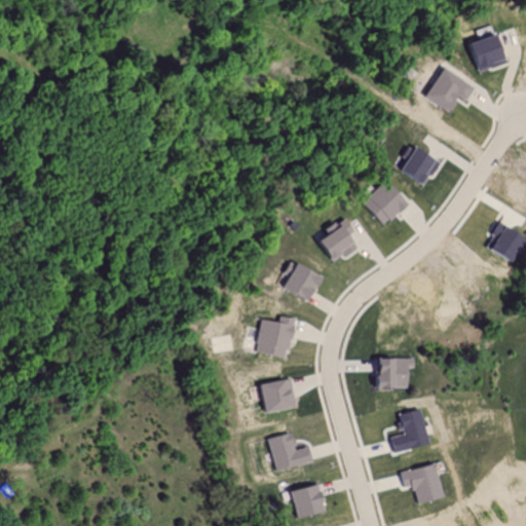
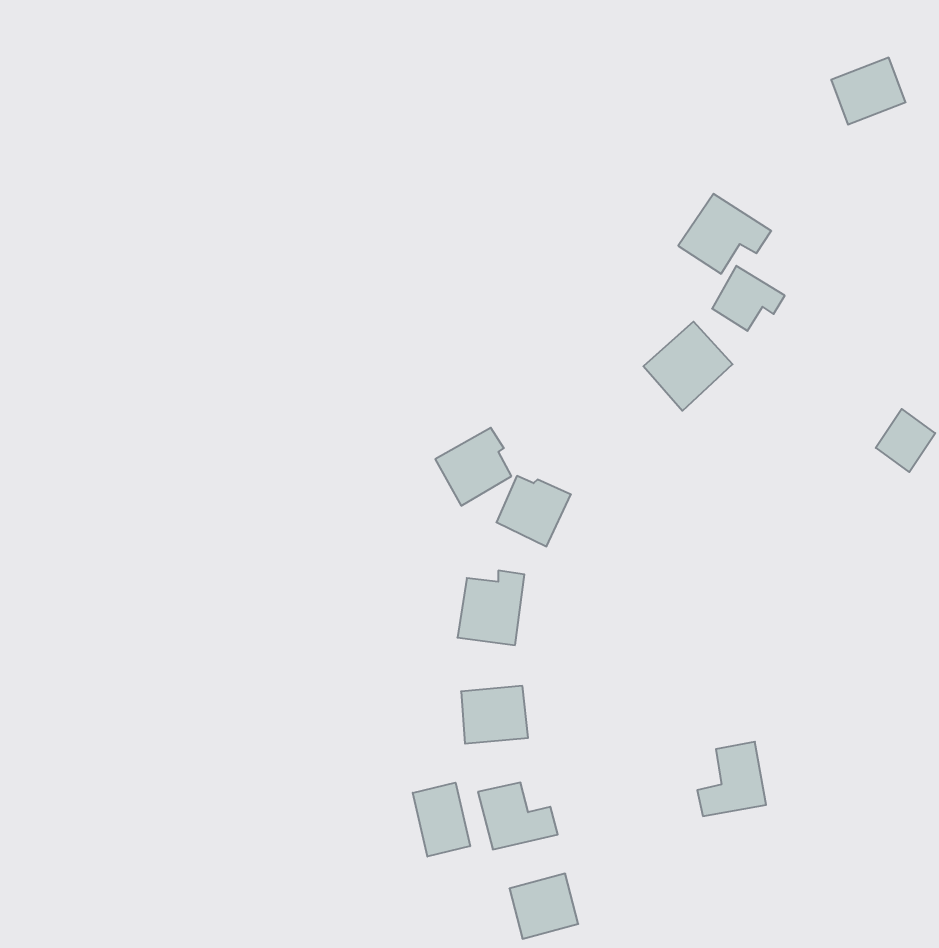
building: [424,67,476,111] -> [678,194,771,274]
building: [316,220,359,263] -> [435,428,511,506]
building: [374,358,414,388] -> none
building: none -> [413,783,470,857]
building: [402,463,443,502] -> none

